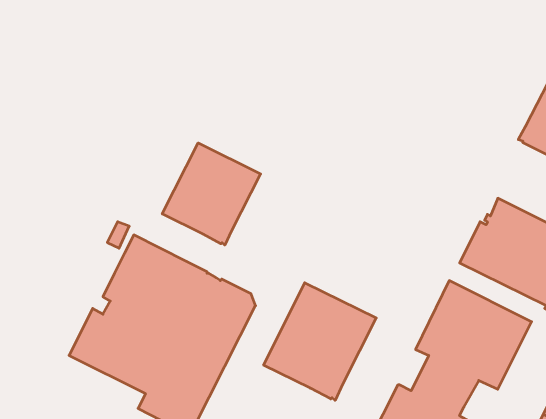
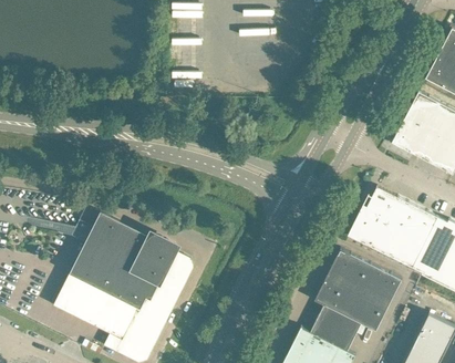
building: [162,143,261,245] -> none
building: [264,283,376,400] -> none

